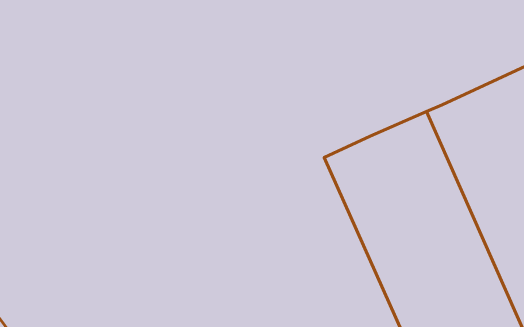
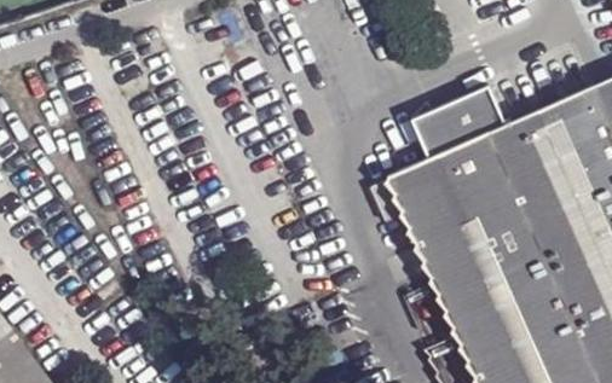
building: none -> [415,85,510,158]

